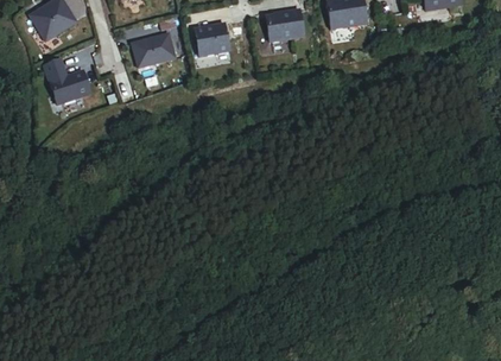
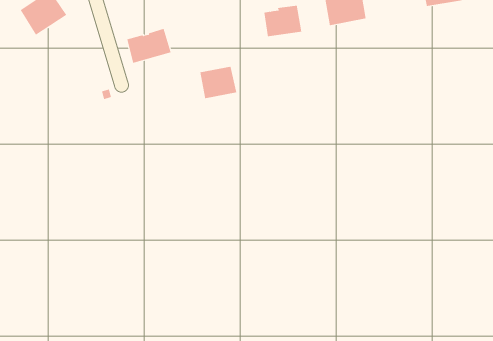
building: [195,23,232,55] -> [200,66,237,99]
building: [49,69,90,103] -> none

